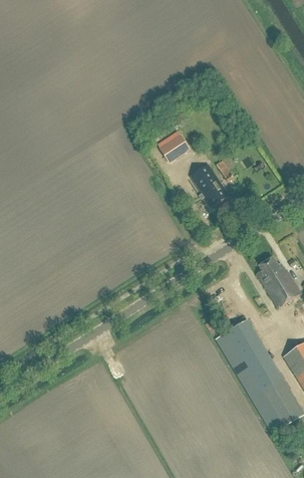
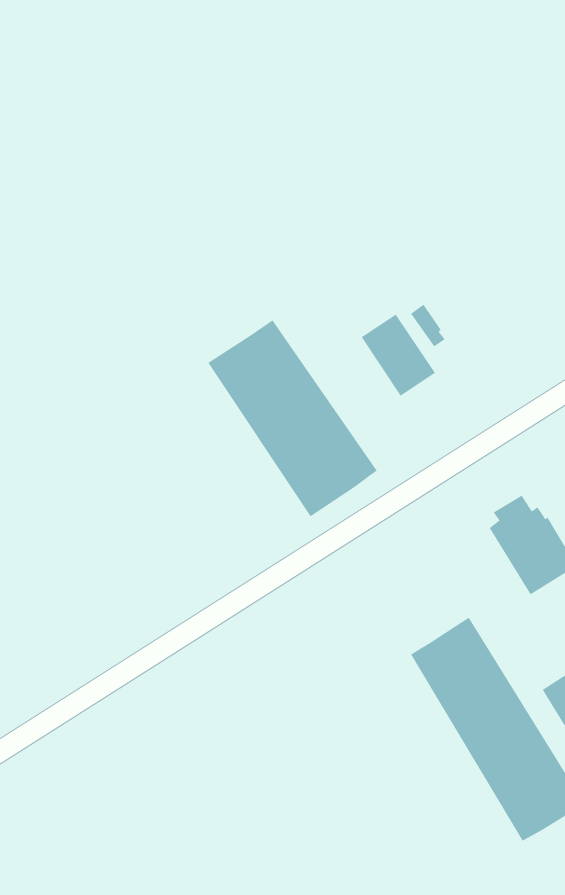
building: [160,136,189,162] -> none
building: none -> [207,320,378,517]

